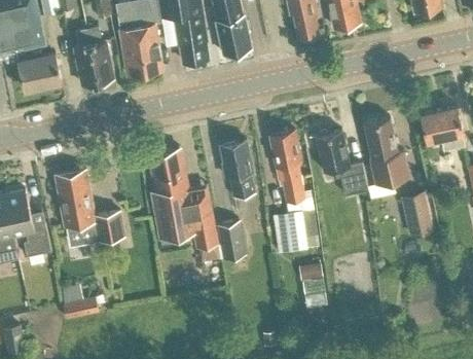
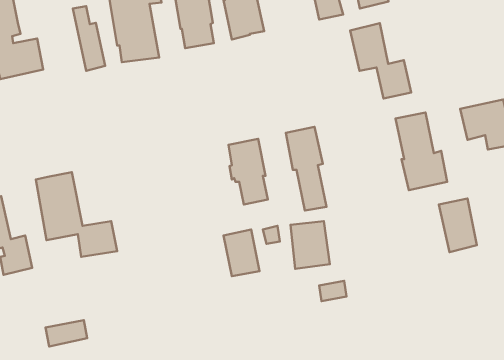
building: [74,29,99,85] -> none
building: [317,131,369,195] -> [350,23,411,98]
building: [151,149,219,248] -> none

